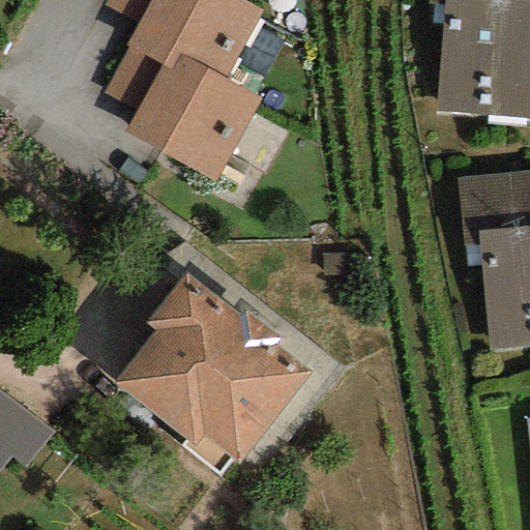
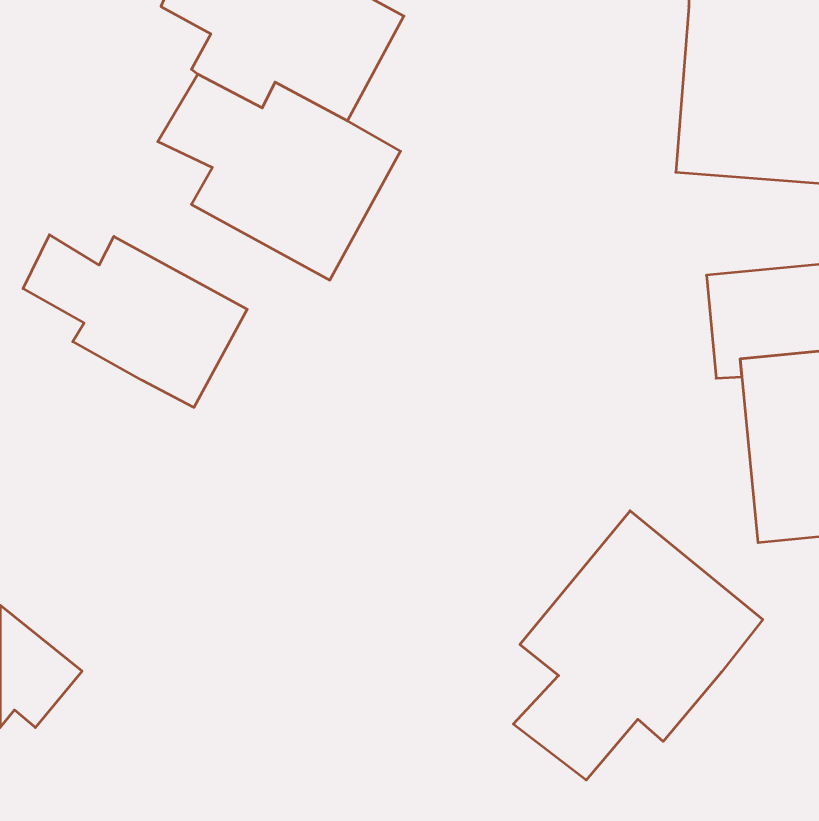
building: none -> [23,235,247,407]
building: [116,272,312,475] -> none
building: none -> [513,511,763,780]

